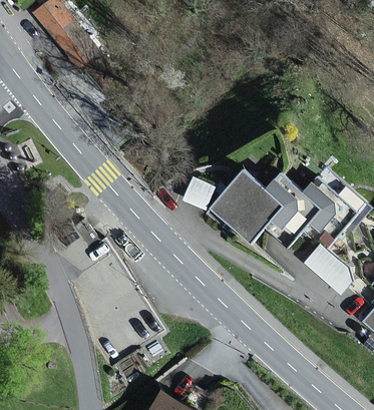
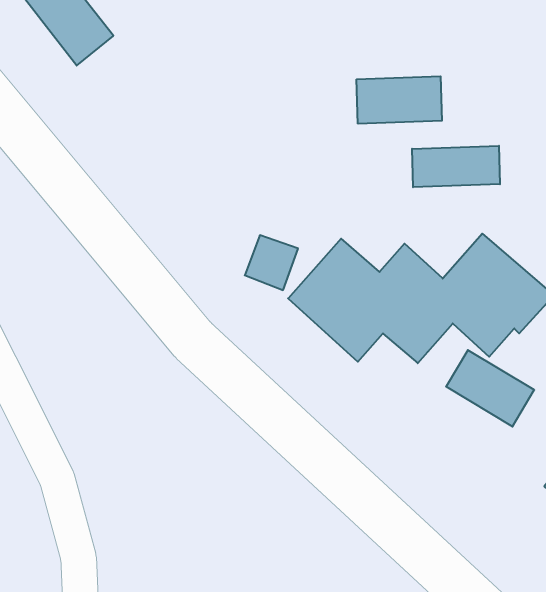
building: none -> [357,76,442,124]
building: none -> [412,146,500,187]

